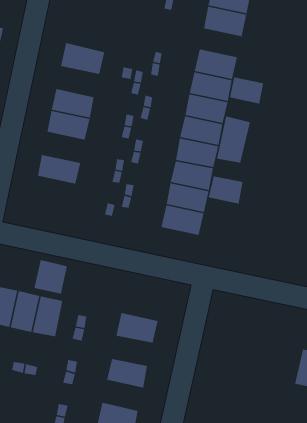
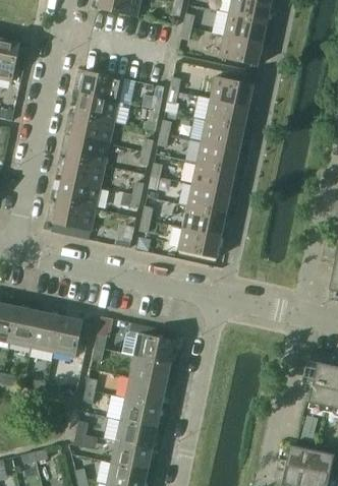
building: none -> [75,94,118,123]
building: [229,77,264,104] -> none
building: [216,116,251,164] -> none
building: none -> [61,158,104,187]
building: [208,175,244,204] -> none
building: none -> [52,200,95,231]
building: [34,259,68,295] -> none
building: none -> [129,356,170,384]
building: none -> [120,399,161,428]

